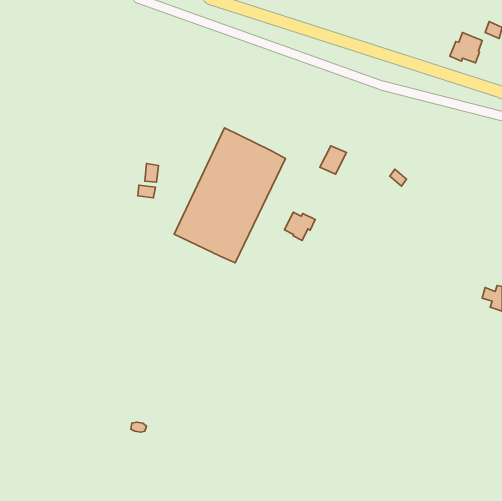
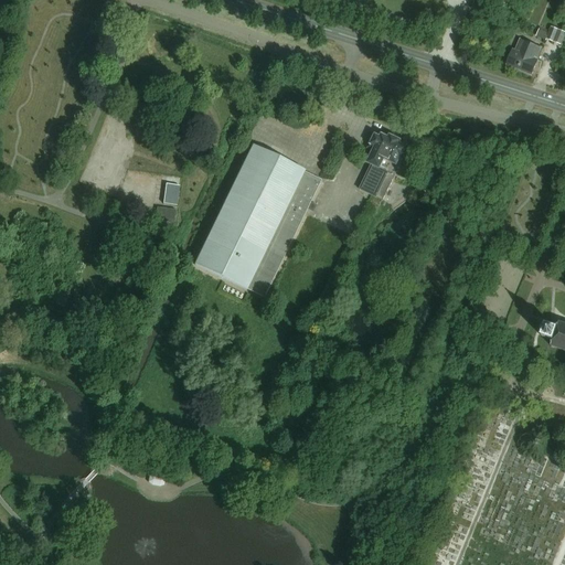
building: none -> [366,134,407,167]
building: [285,212,315,240] -> none

